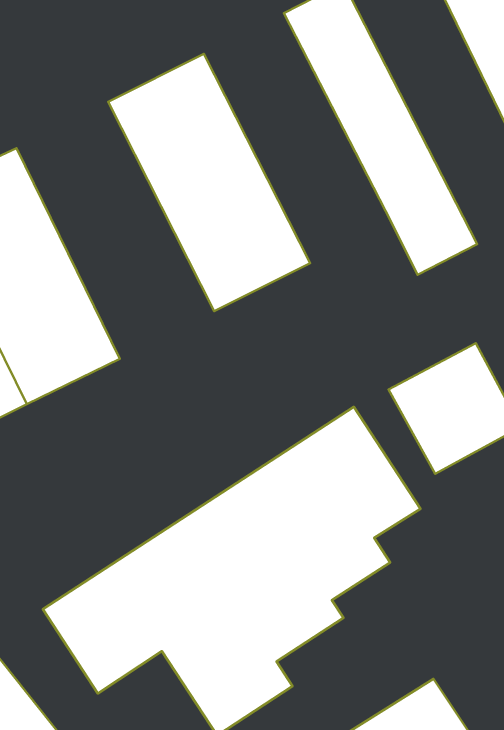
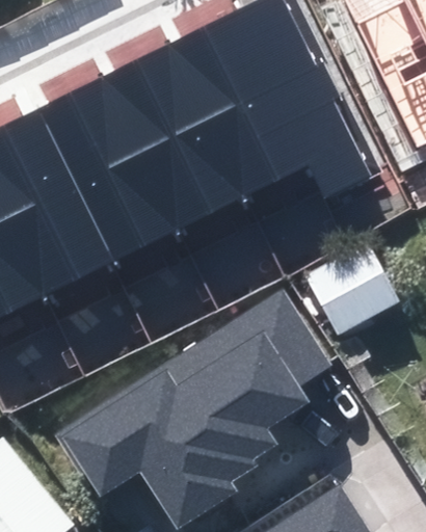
building: none -> [175,11,309,190]
building: none -> [41,75,182,259]

